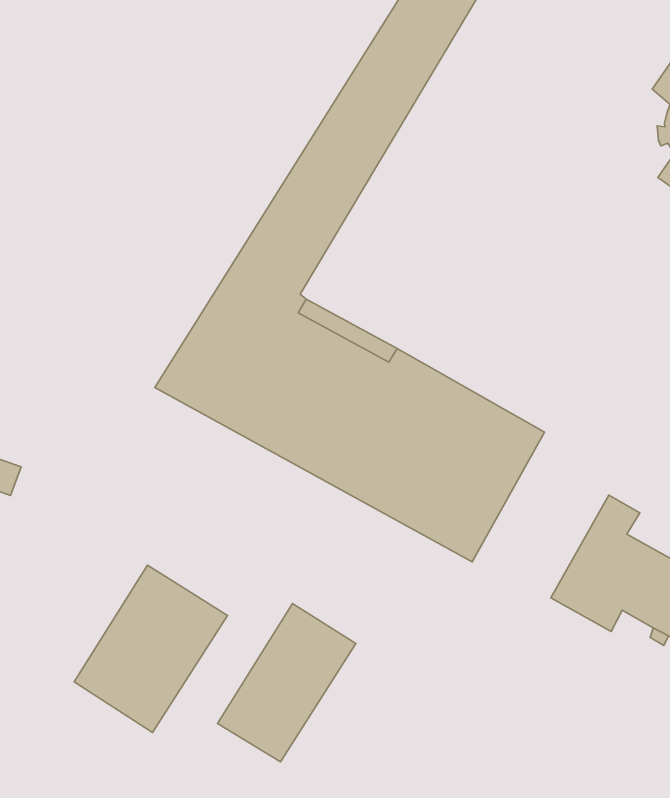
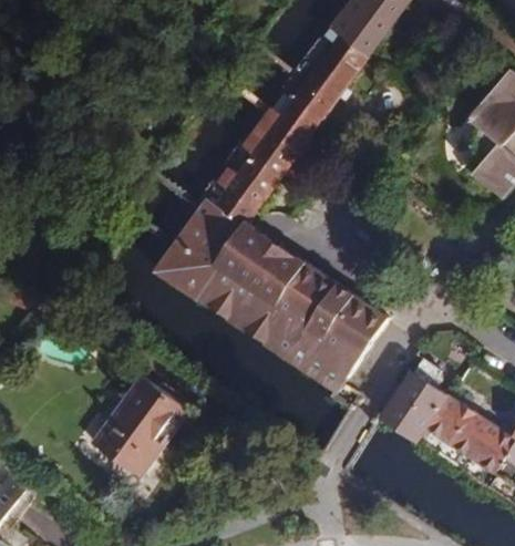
building: [218,604,356,762] -> none

